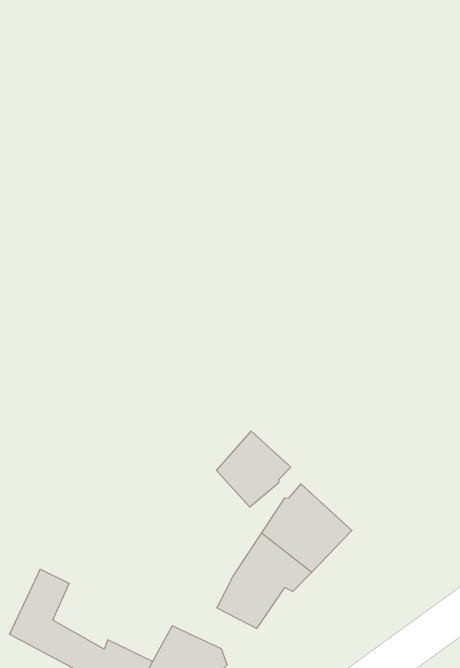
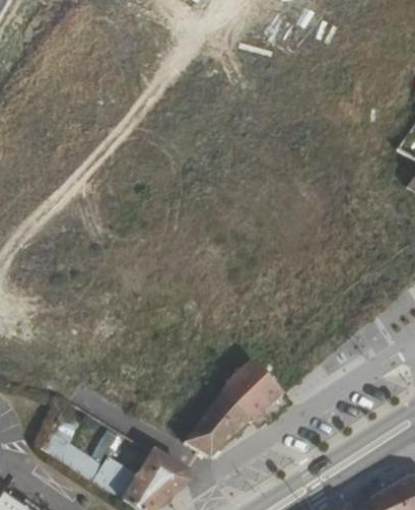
building: [217,431,291,507] -> none

